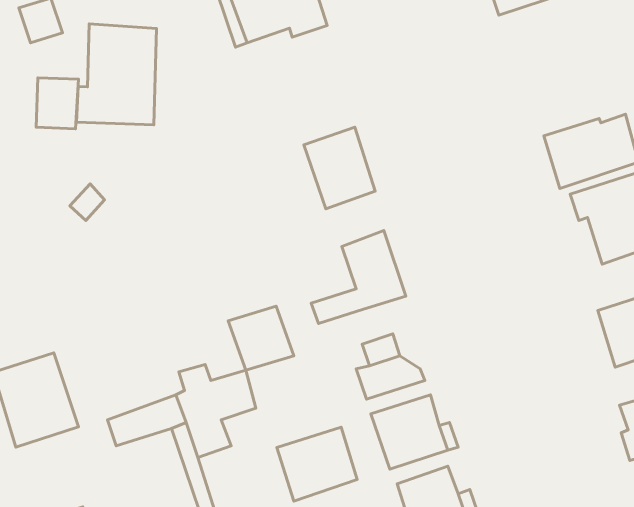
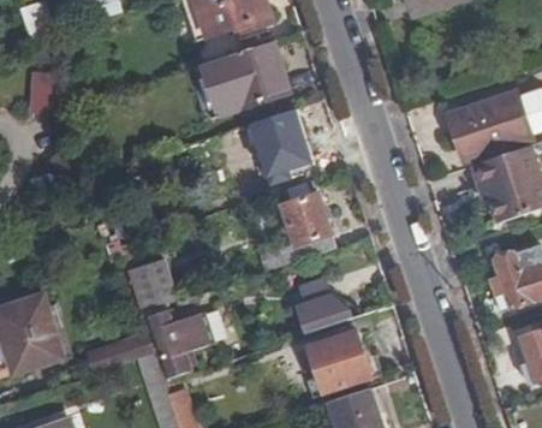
building: [76,24,156,125] -> none
building: none -> [199,40,287,118]
building: [228,306,294,370] -> [124,256,178,309]
building: [277,427,357,501] -> none

